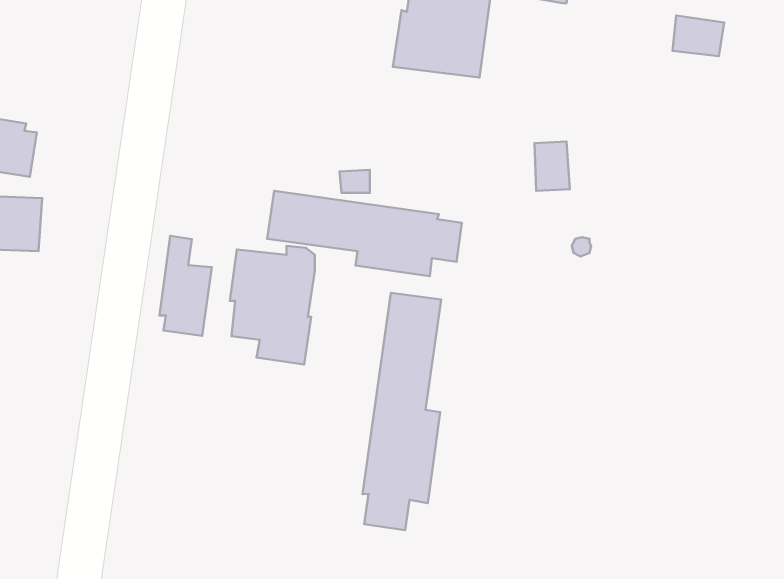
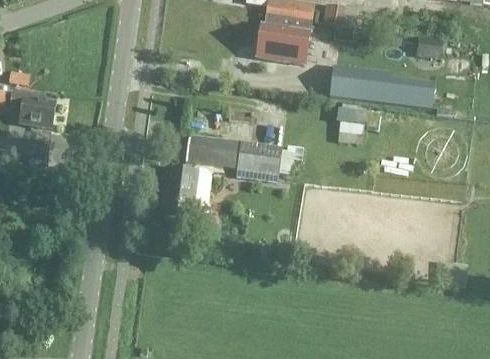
building: none -> [328,65,432,108]
building: [159,236,212,336] -> none
building: [363,293,441,530] -> none

